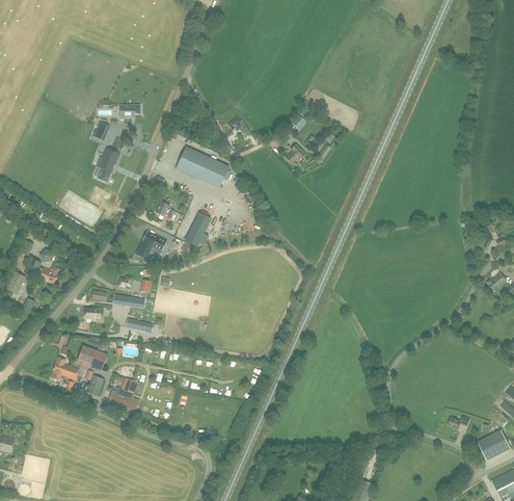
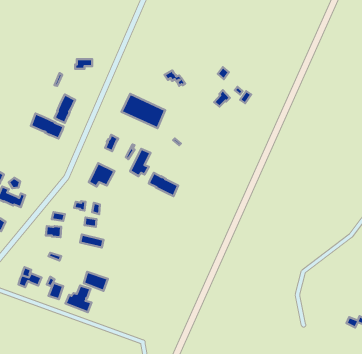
building: none -> [31,114,63,139]
building: none -> [149,173,178,196]
building: [78,345,107,368] -> [84,272,108,291]

